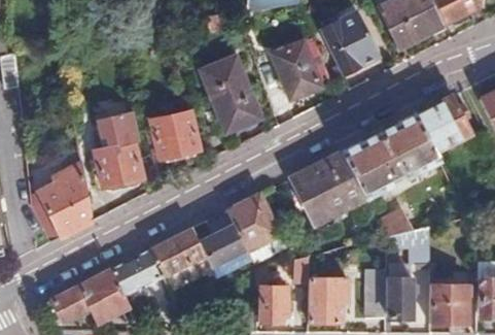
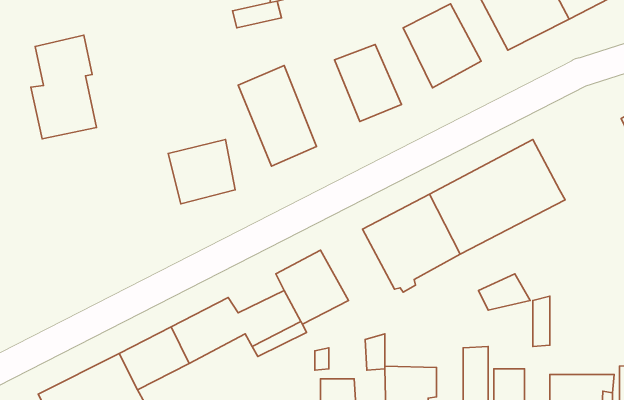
building: [417,94,470,148] -> none
building: [93,110,141,187] -> [31,35,97,139]
building: [30,147,92,241] -> none

